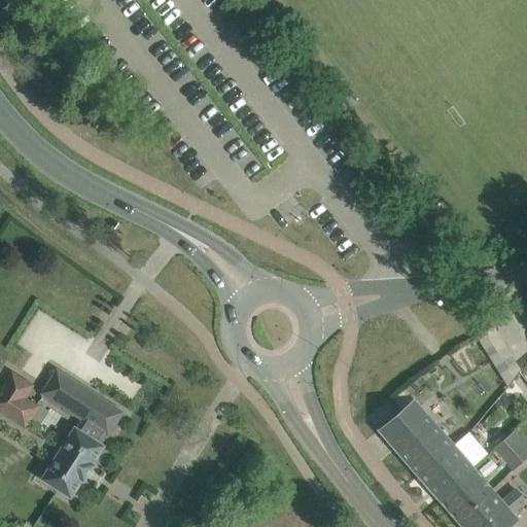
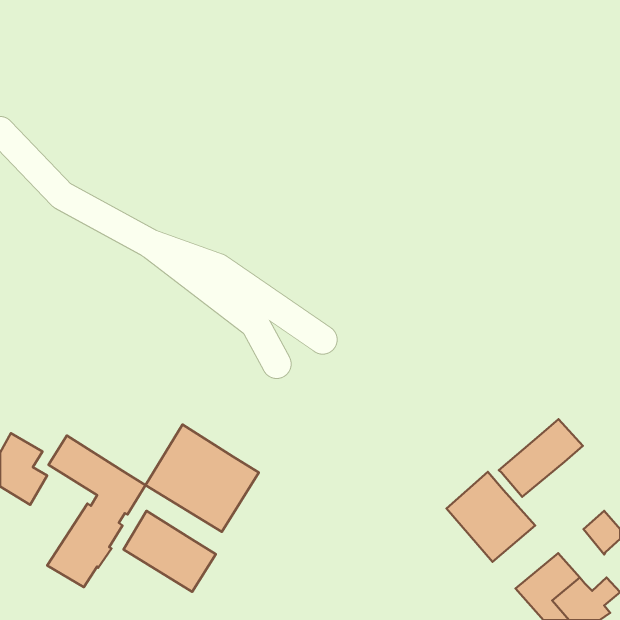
building: none -> [146,425,259,532]
building: none -> [123,511,216,592]
building: [418,433,489,499] -> [499,419,583,497]

